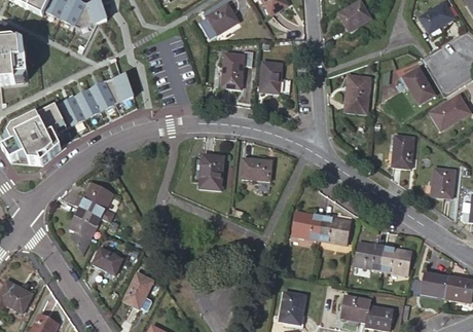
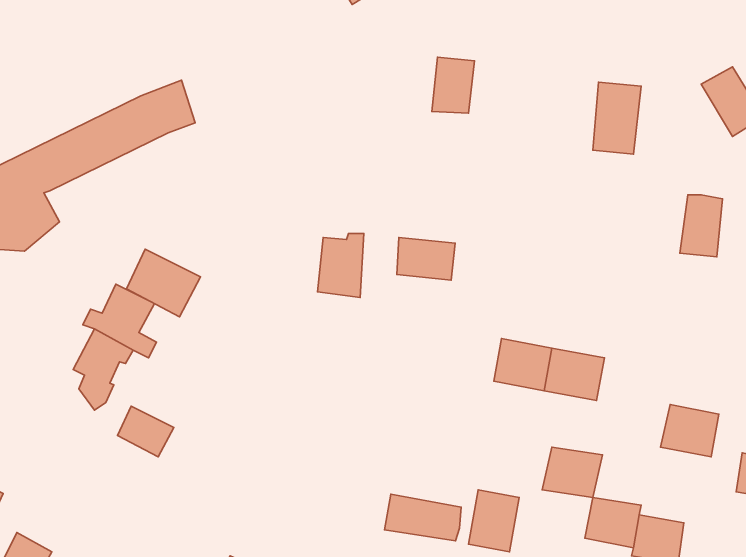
building: [221,49,253,88] -> none
building: none -> [126,249,201,317]
building: [354,242,386,268] -> [542,447,602,498]
building: [122,271,153,307] -> none
building: none -> [385,494,461,541]

